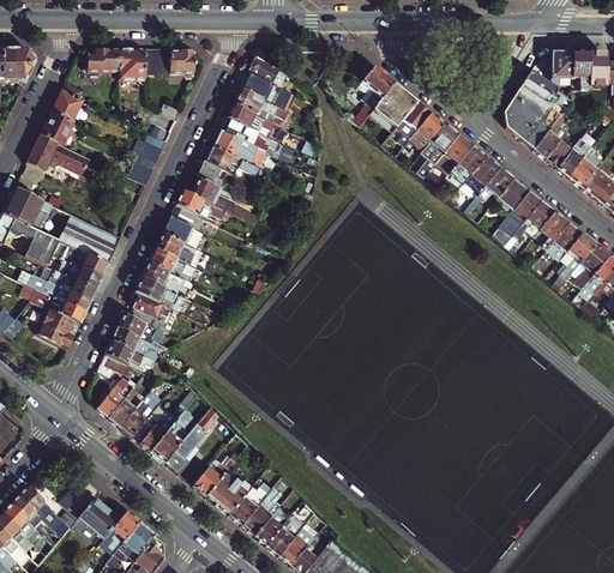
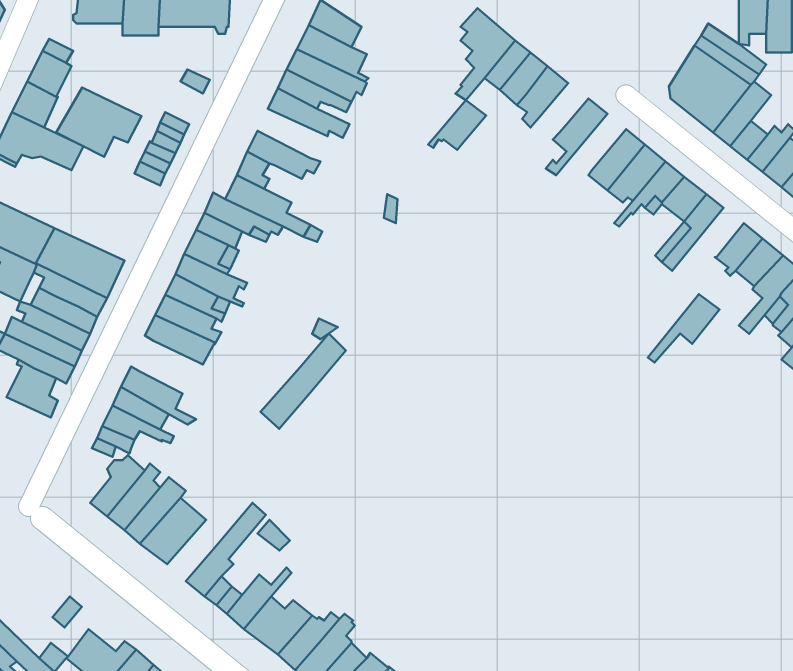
building: [405,113,446,147] -> [428,100,486,150]
building: none -> [56,88,142,157]
building: [213,131,263,165] -> none
building: [435,134,472,174] -> none
building: [505,200,555,248] -> [648,294,719,362]
building: [131,294,173,332] -> none
building: [150,396,210,463] -> [260,333,346,429]

